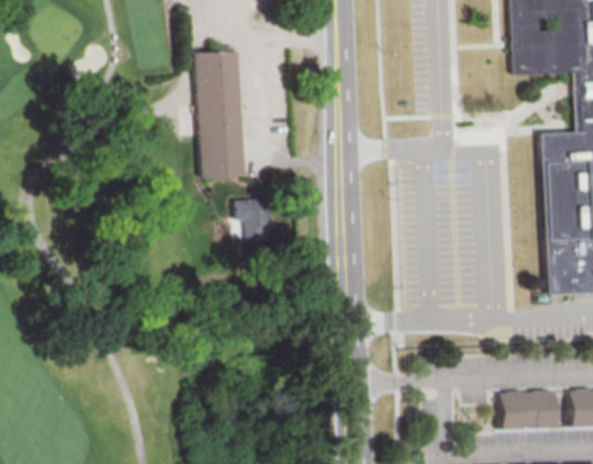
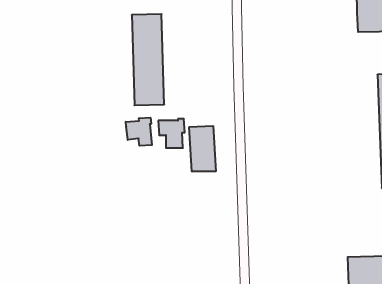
building: none -> [126,118,152,146]
building: none -> [189,126,216,172]

